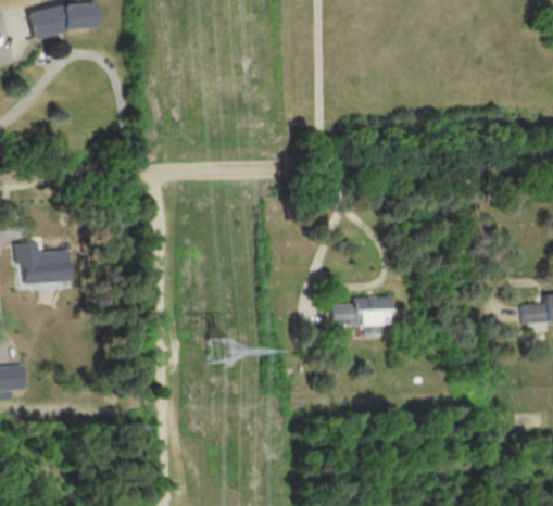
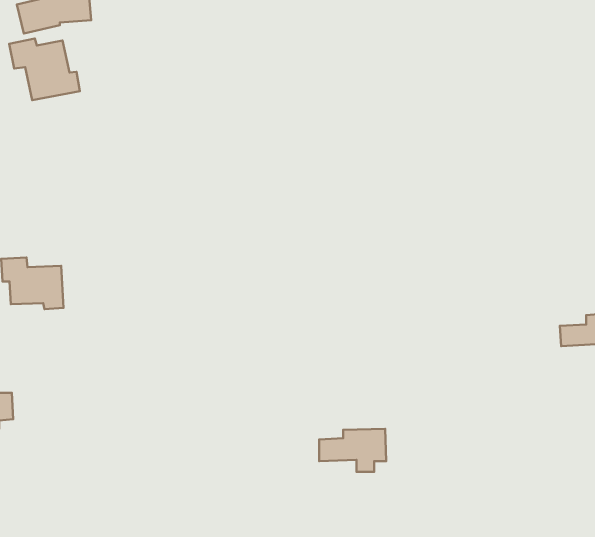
building: none -> [9,39,80,100]
building: [331,295,392,334] -> [319,429,386,472]

